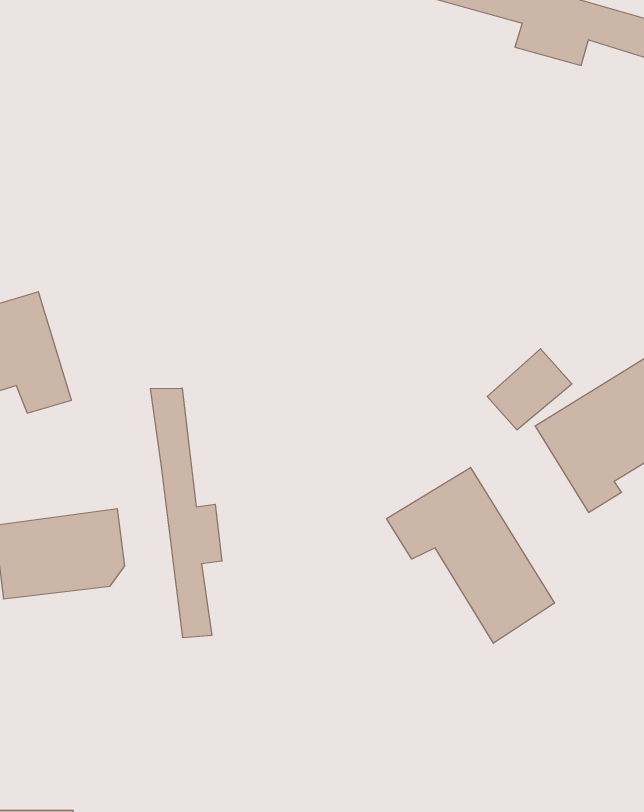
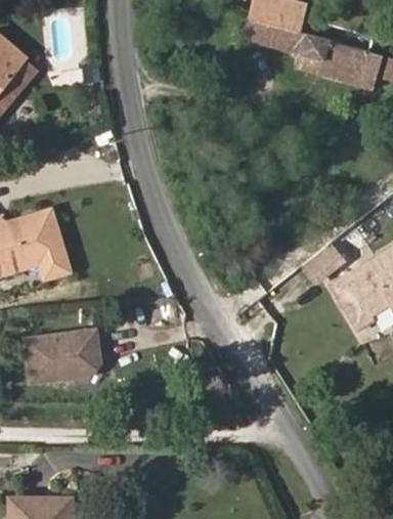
building: [151,388,222,638] -> none
building: [387,467,554,643] -> none

